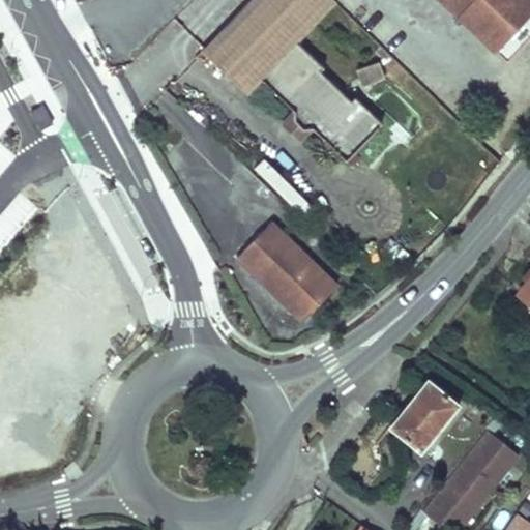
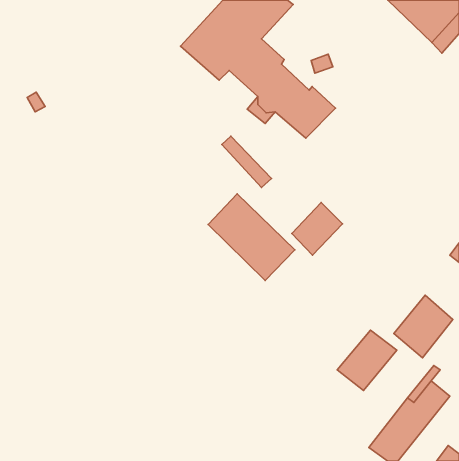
building: none -> [292,203,342,255]
building: none -> [394,295,453,358]

